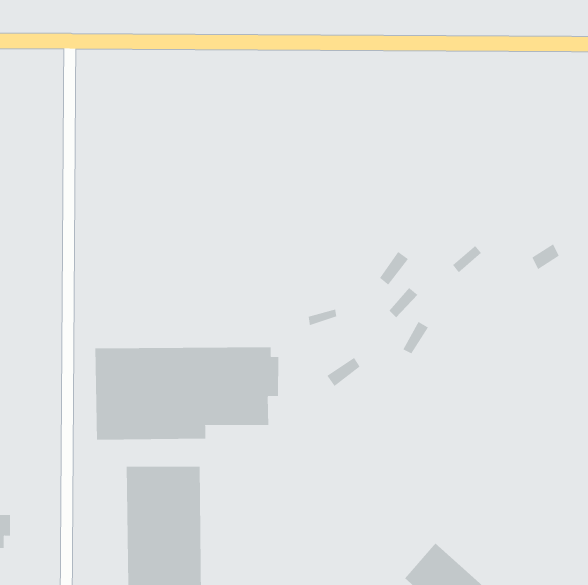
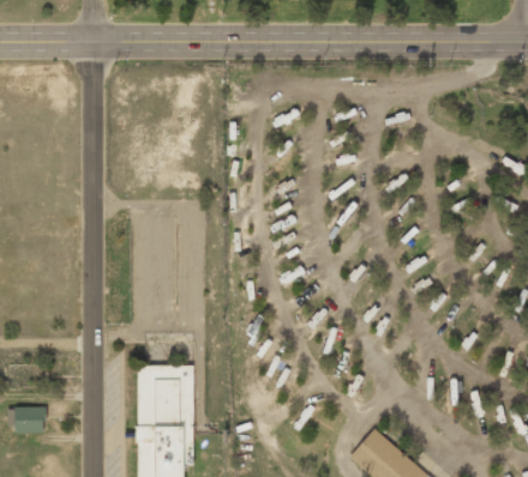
building: [95,347,279,441] -> none

